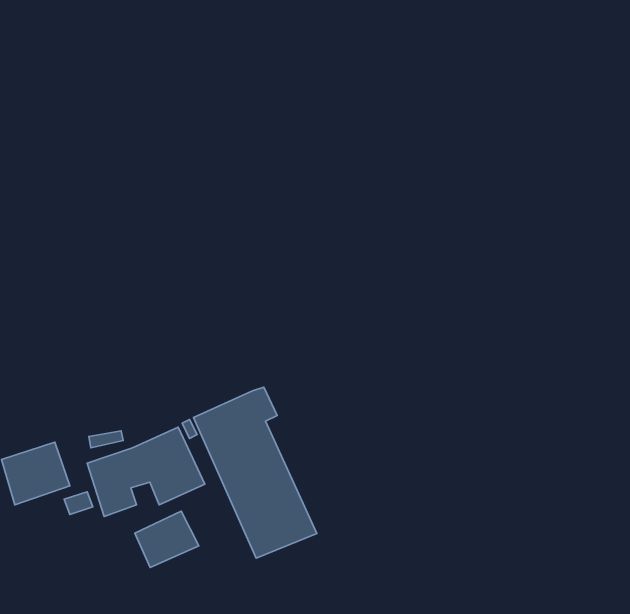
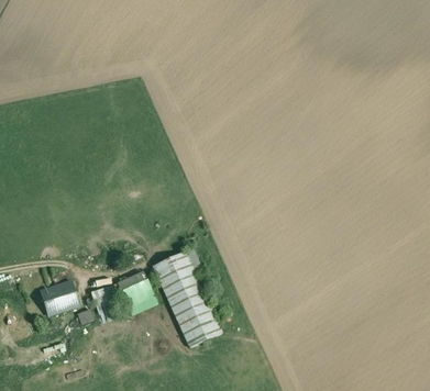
building: [135,511,199,568] -> none

